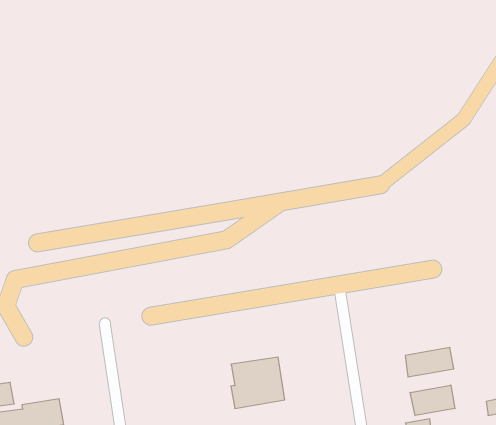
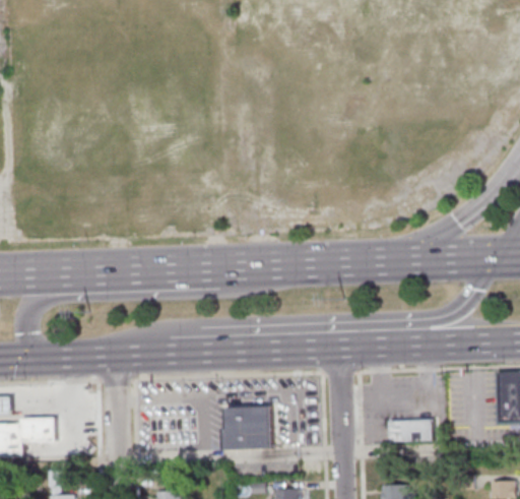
building: [410,385,455,416] -> none

